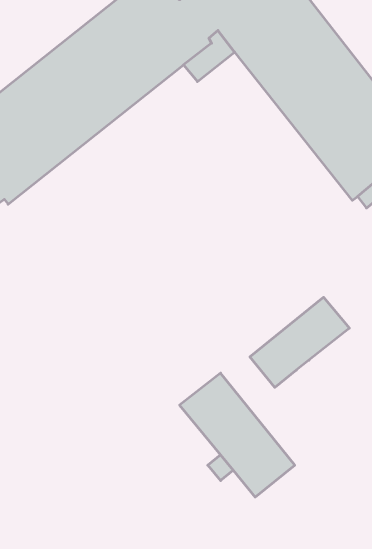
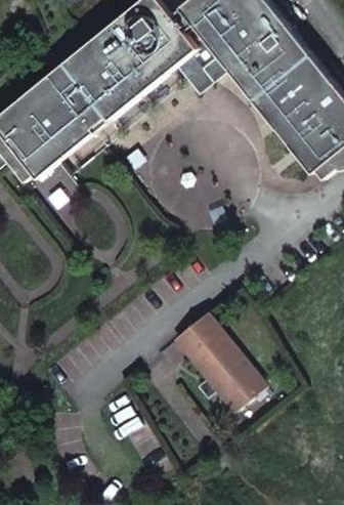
building: [250,297,349,387] -> none

